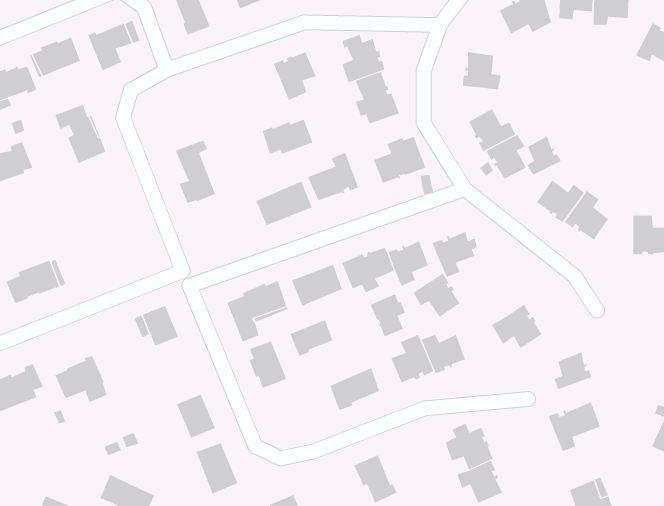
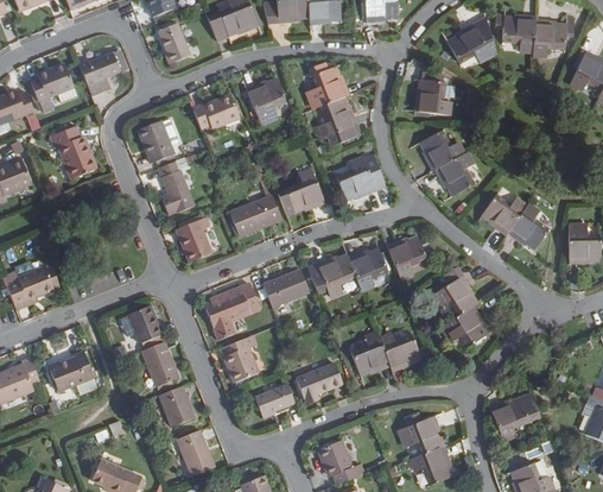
building: none -> [138,121,174,164]
building: [262,119,313,155] -> [193,96,240,128]
building: [527,136,561,175] -> none
building: none -> [177,217,214,263]
building: [413,273,460,318] -> [432,276,475,316]
building: [370,293,406,337] -> none
building: [290,319,333,356] -> [255,384,294,417]
building: none -> [141,342,179,387]
building: [553,352,592,390] -> none

